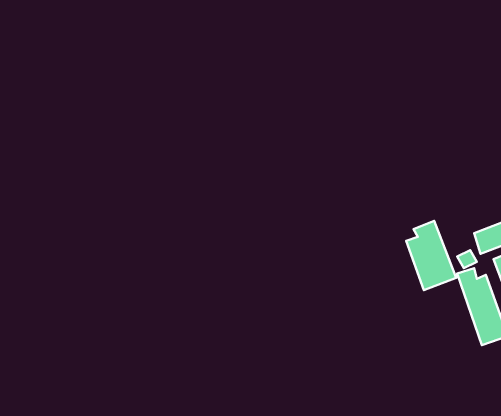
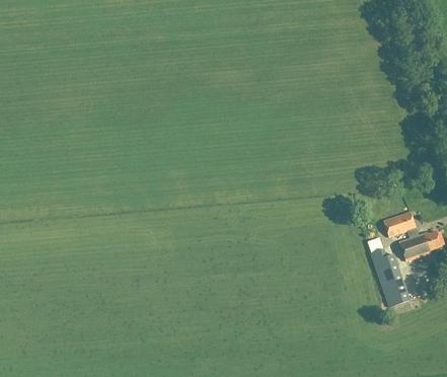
building: [406,221,456,290] -> none

